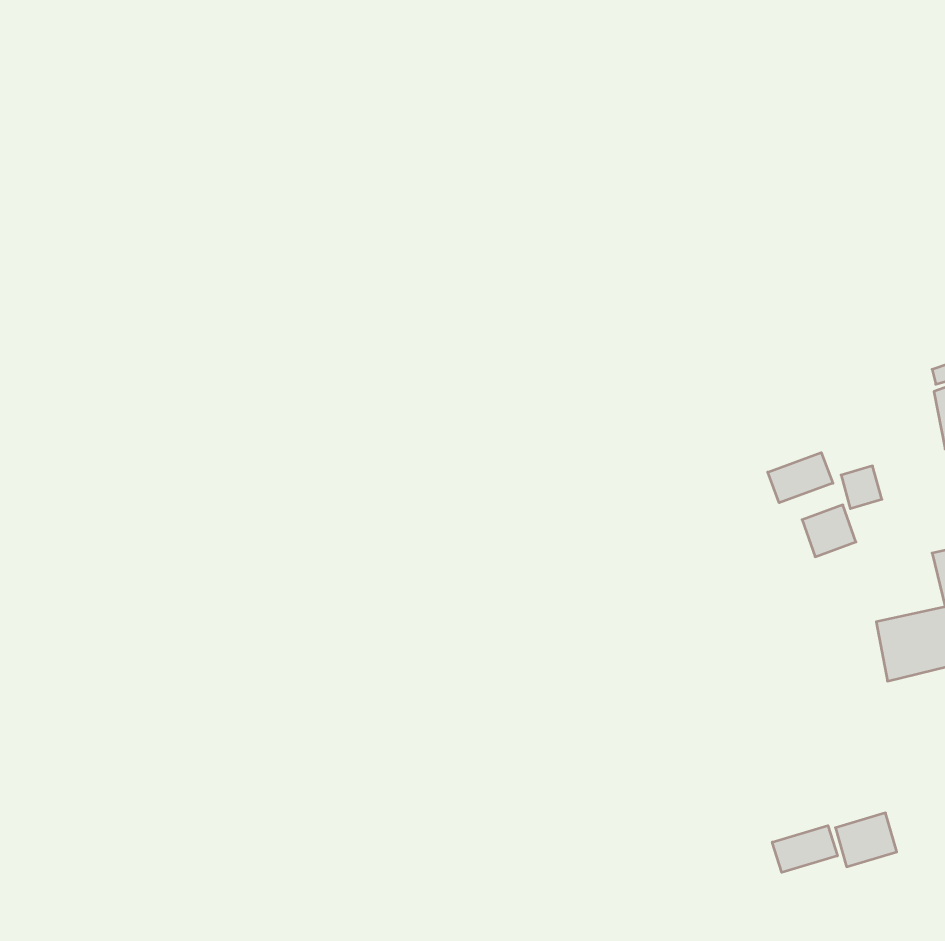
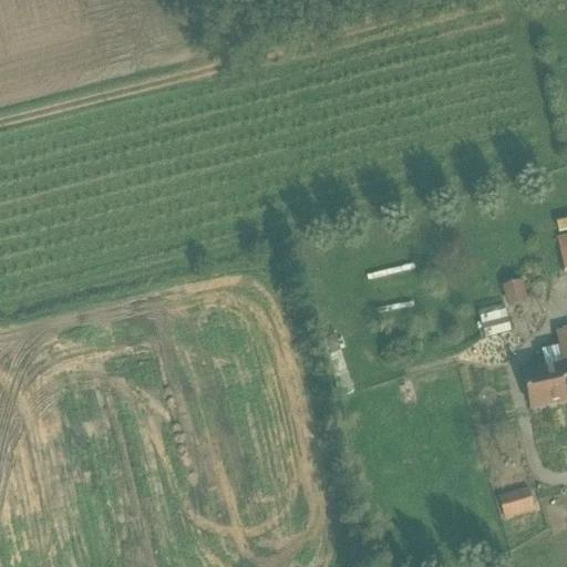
building: [768,453,833,503] -> none
building: [772,826,837,872] -> none

